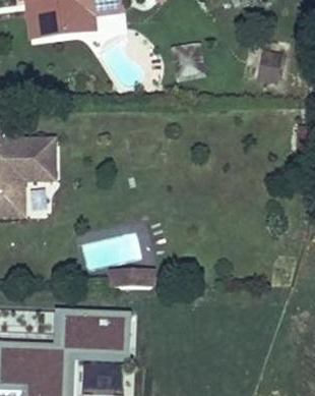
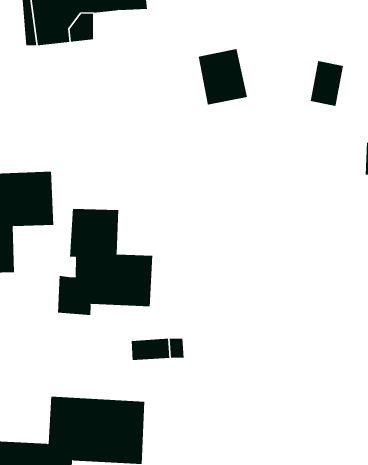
building: none -> [57,208,153,316]

